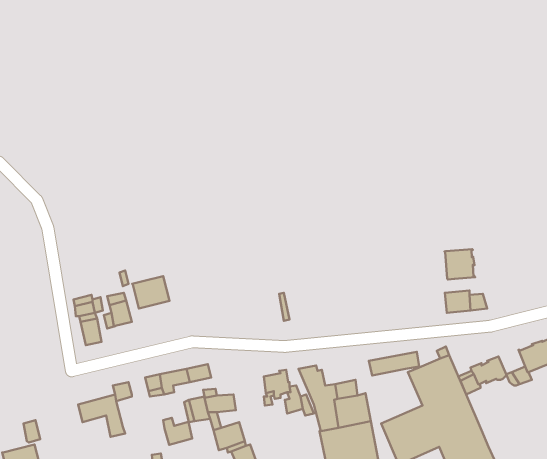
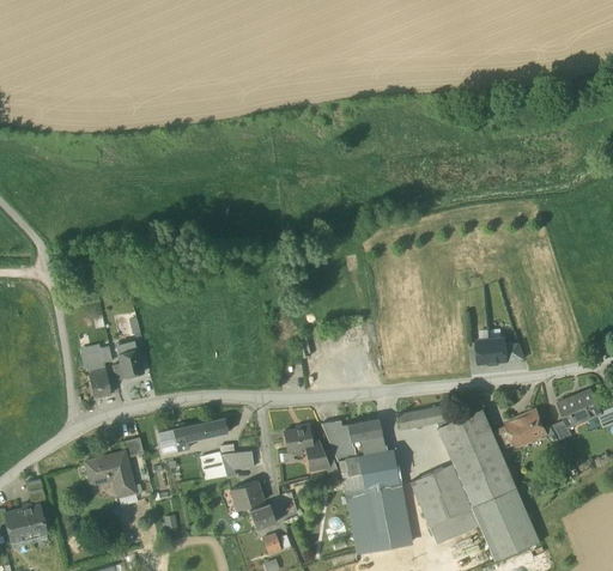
building: [445,249,475,279] -> none
building: [132,276,170,308] -> none
building: none -> [346,419,382,442]
building: [163,418,192,445] -> none

